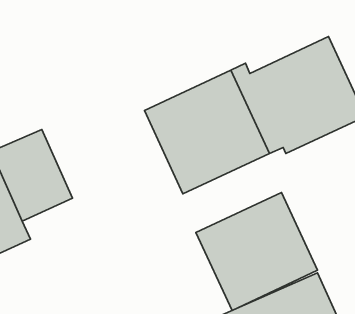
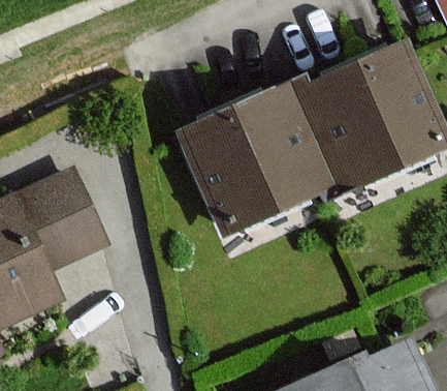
building: [196,192,318,310] -> none

